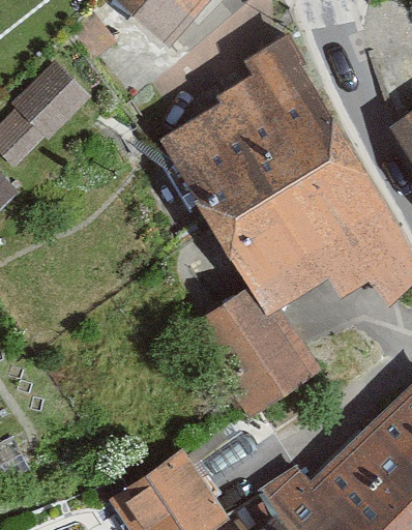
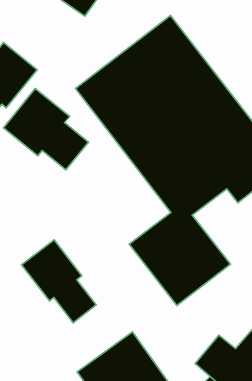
building: none -> [3,89,89,170]
building: none -> [22,240,96,323]

